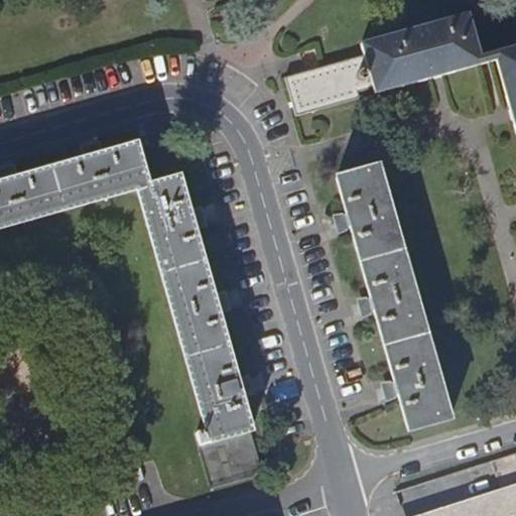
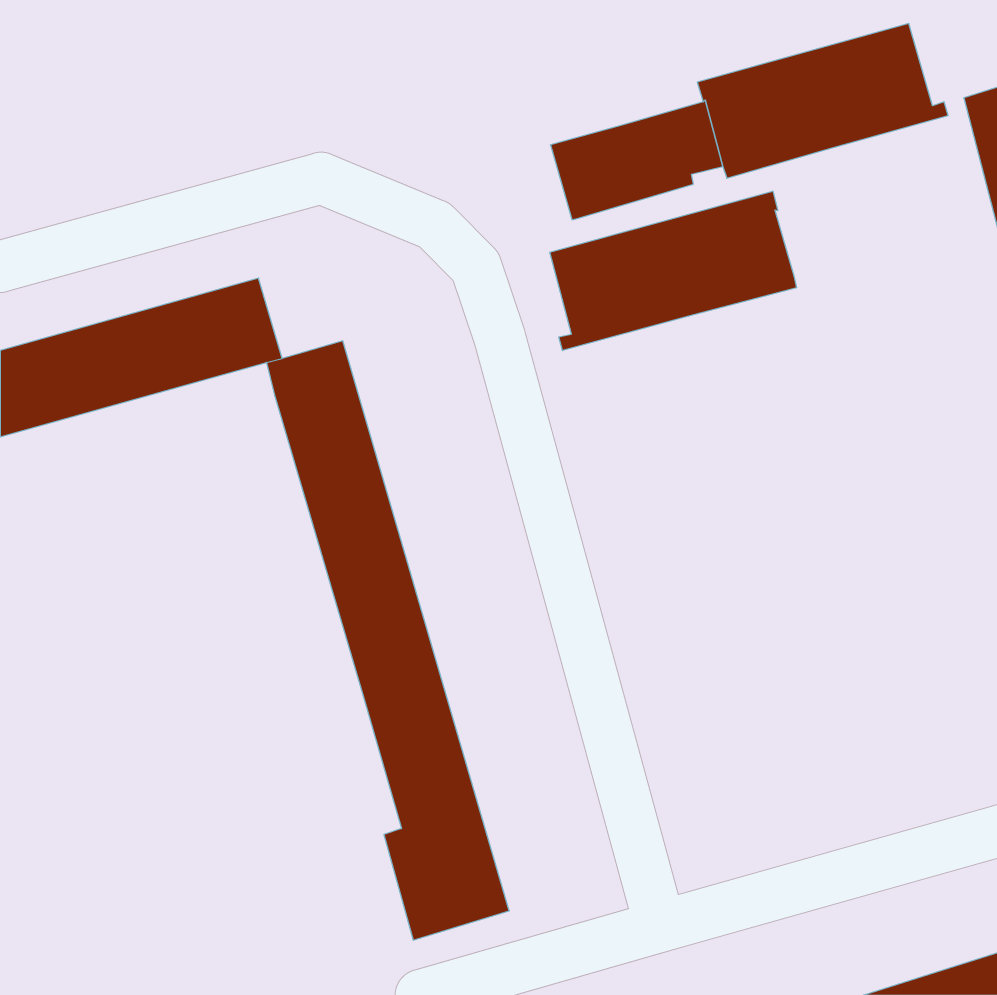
building: none -> [550,191,796,351]
building: [340,162,452,429] -> none

